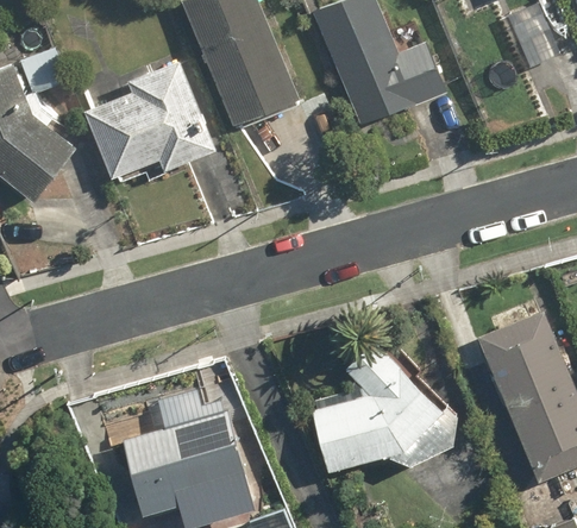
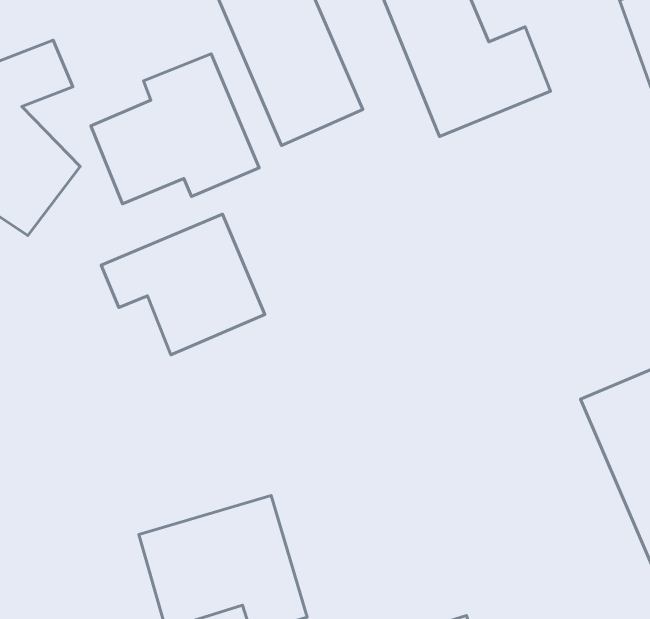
building: none -> [101,214,265,355]
building: [311,344,458,472] -> none

